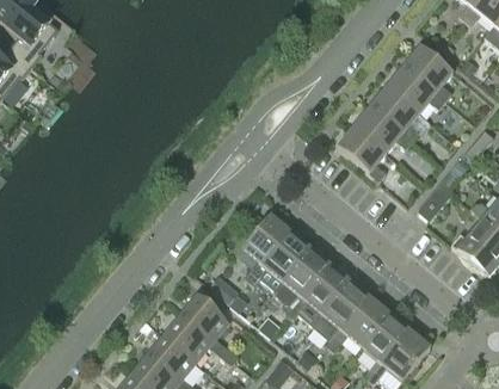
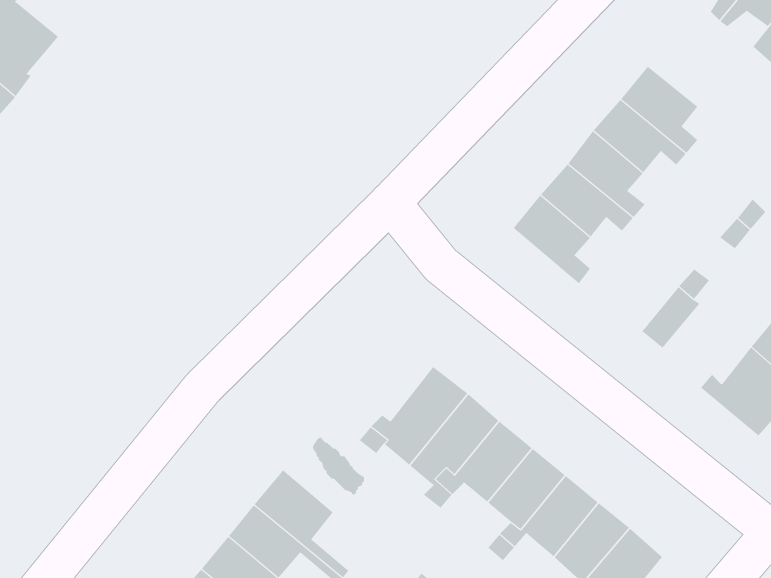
building: [242,214,289,264] -> none

